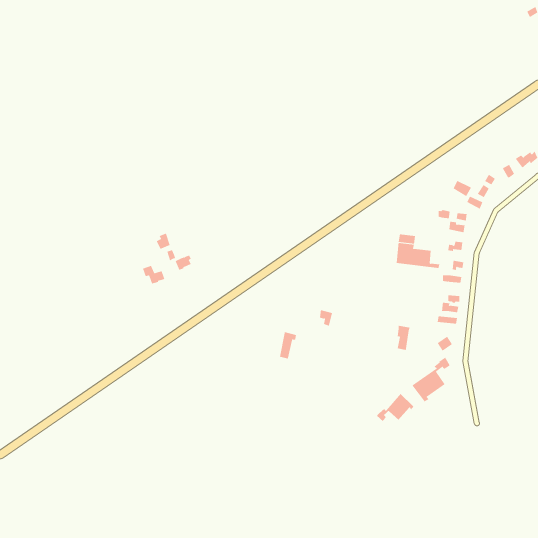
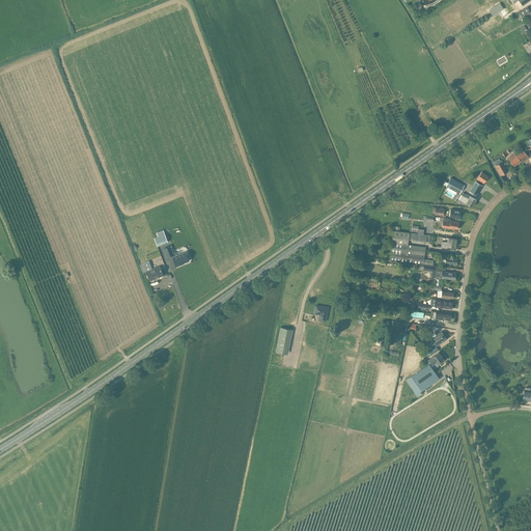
building: [376,393,414,422] -> none

